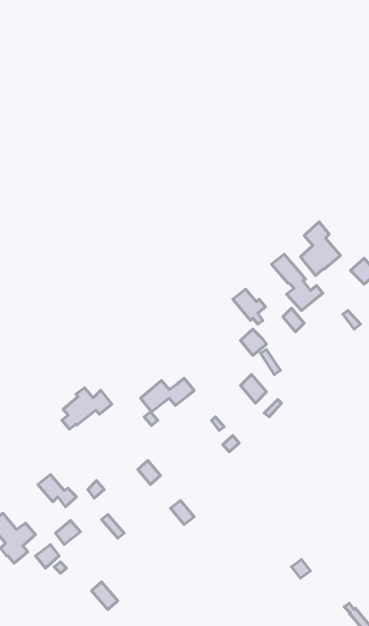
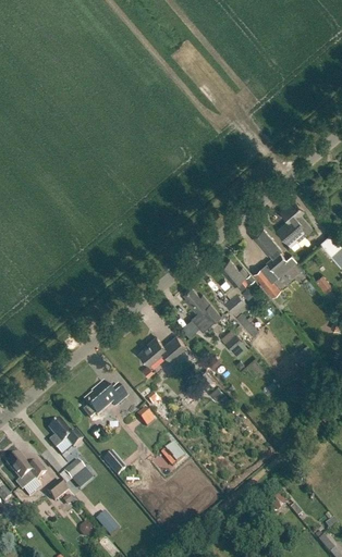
building: none -> [183,288,220,333]
building: [62,388,112,429] -> [84,384,127,420]

